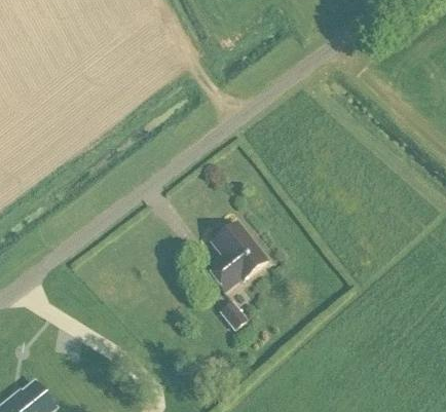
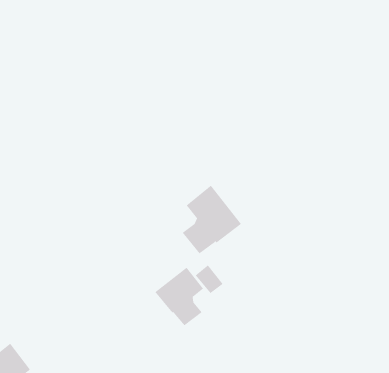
building: none -> [155,267,204,326]

